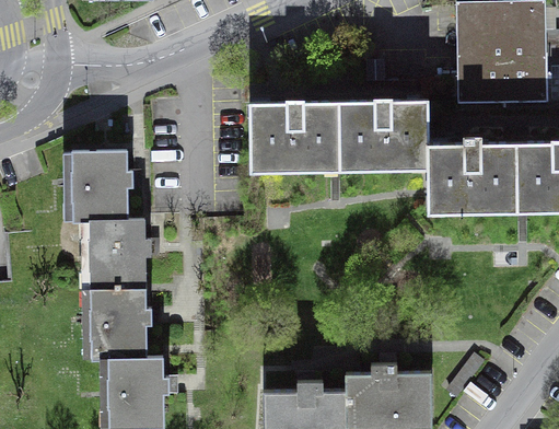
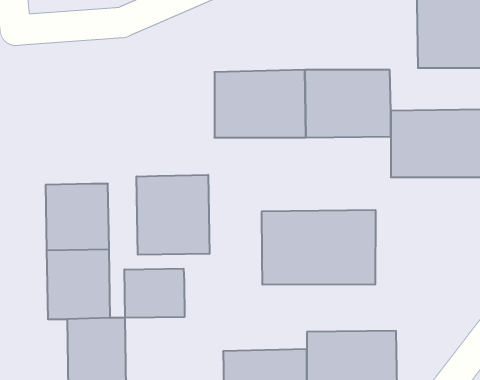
building: [62,153,130,221] -> none
building: none -> [137,175,209,255]
building: none -> [262,210,375,285]
building: none -> [124,269,184,318]

